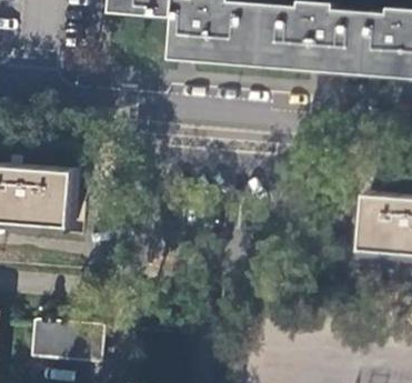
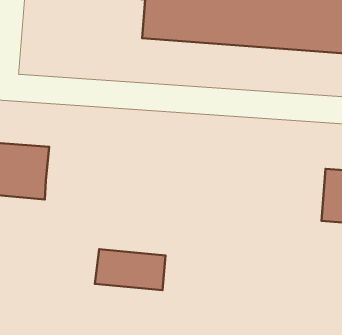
building: [26,321,100,364] -> [95,249,166,290]

